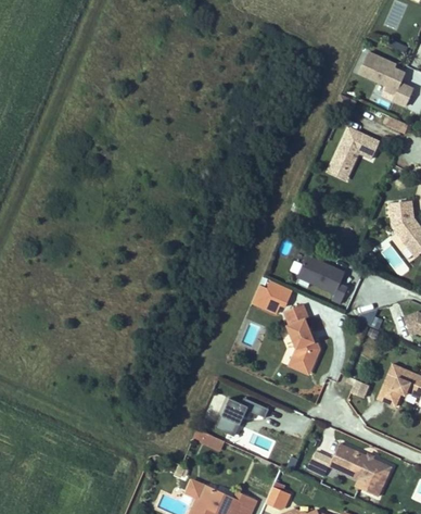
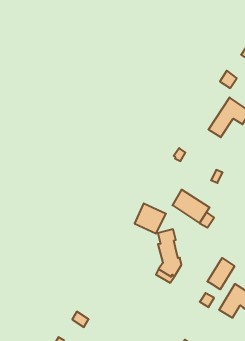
building: none -> [207,258,234,289]
building: [215,398,269,437] -> none

